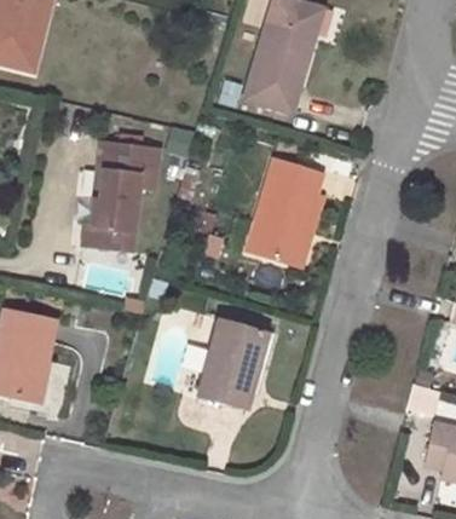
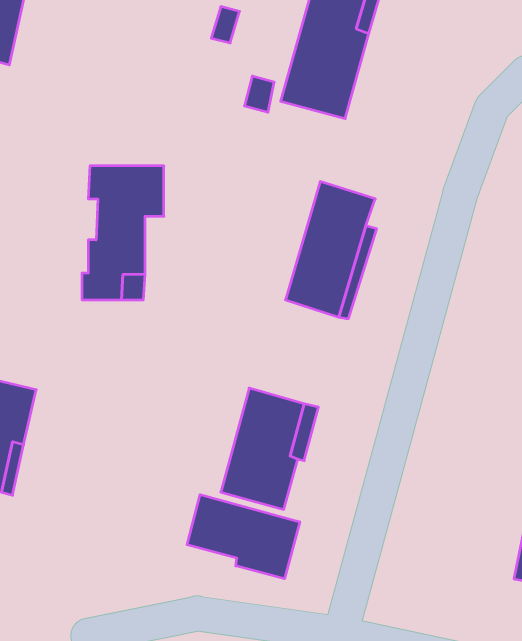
building: none -> [187,495,300,579]

